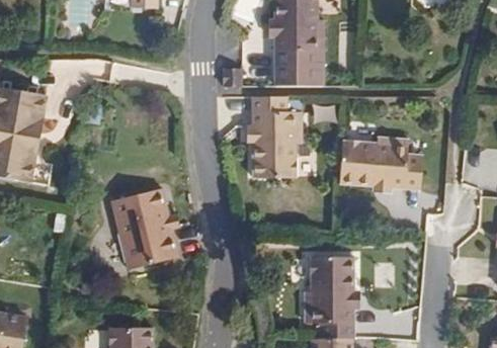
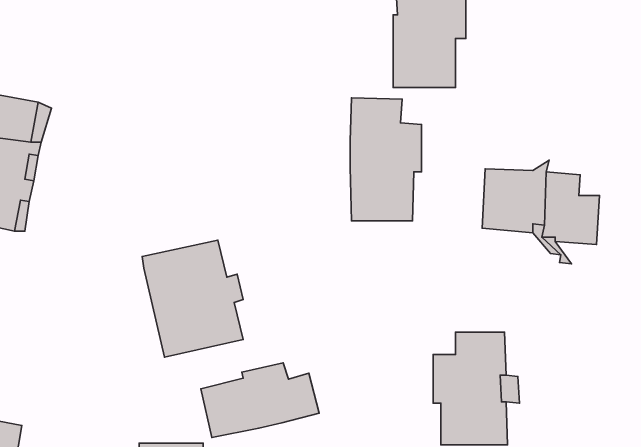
building: none -> [201,363,319,438]

